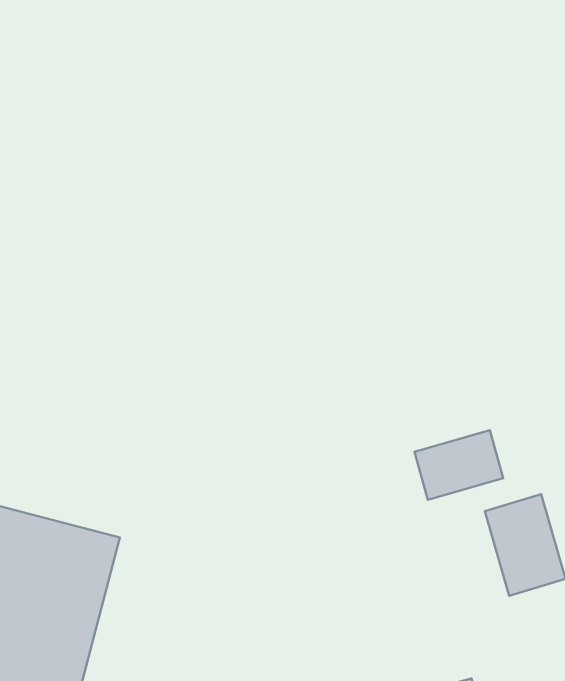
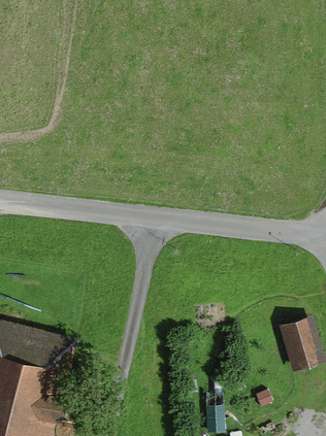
building: [415,430,503,500] -> none

